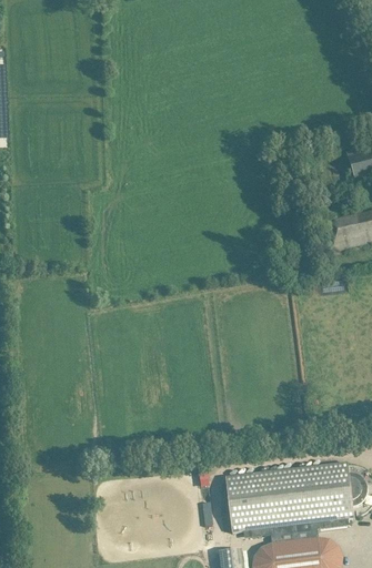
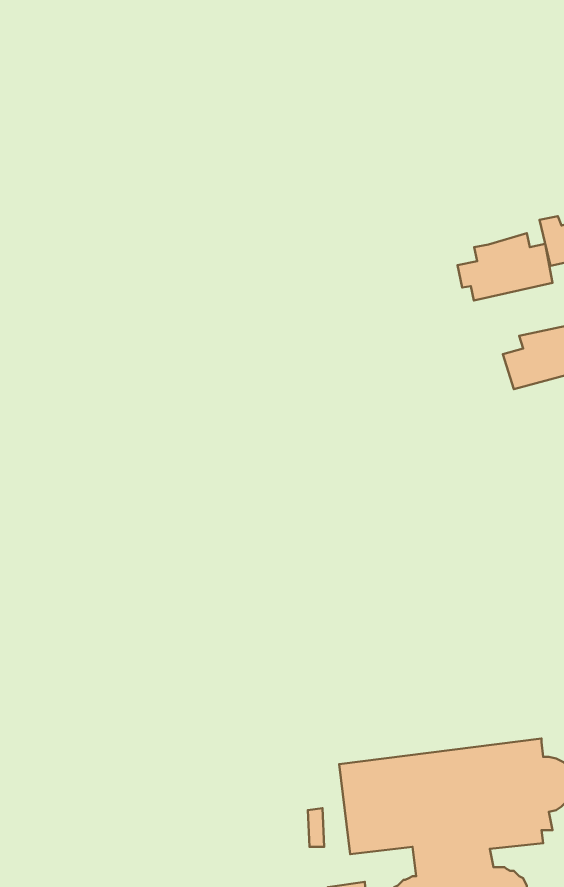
building: none -> [457,233,553,300]

